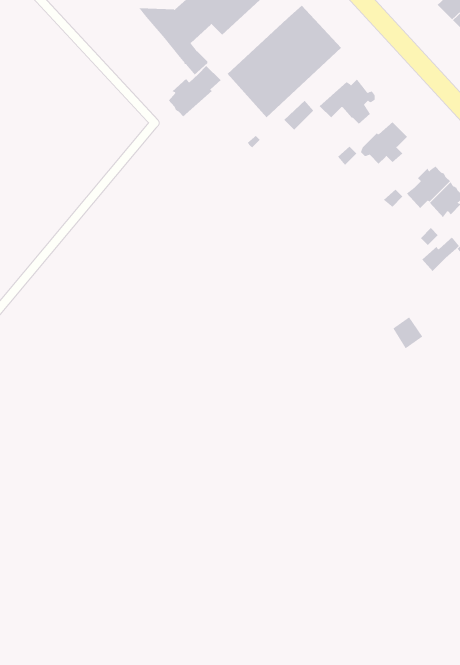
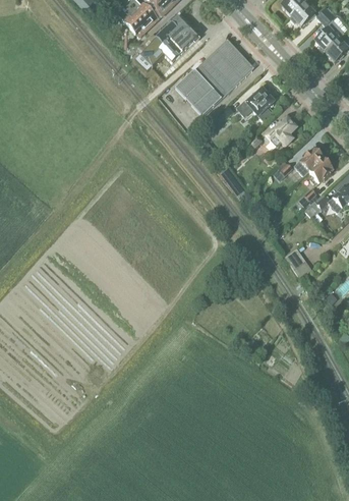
building: [168,65,221,117] -> none

